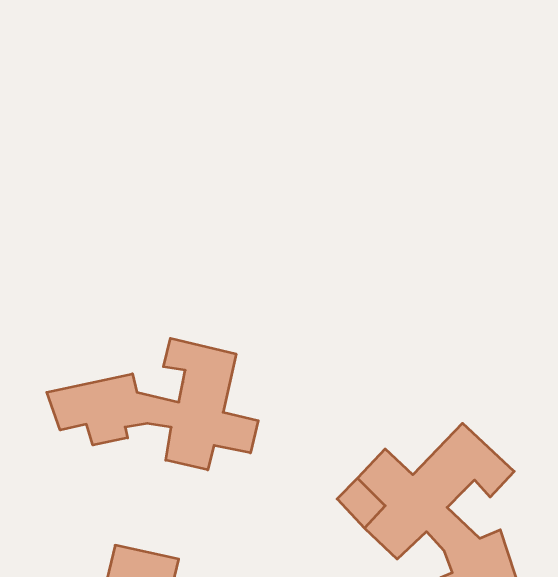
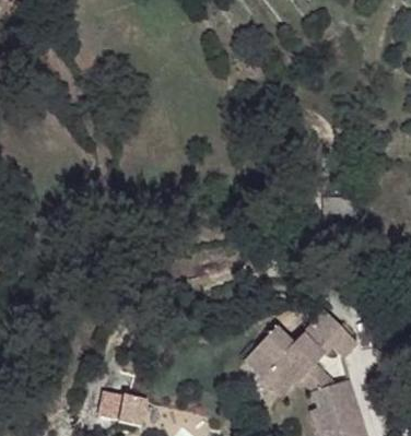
building: [47,338,258,470] -> none

